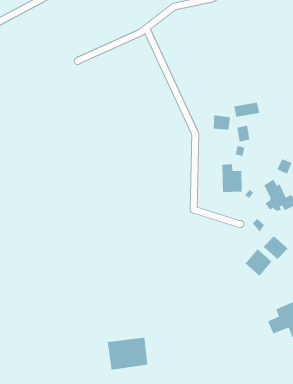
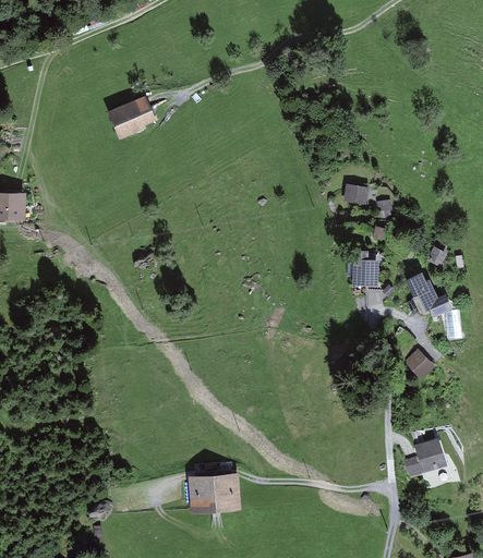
building: none -> [107,95,156,140]
building: [233,102,260,118] -> none
building: [245,248,272,277] -> none

